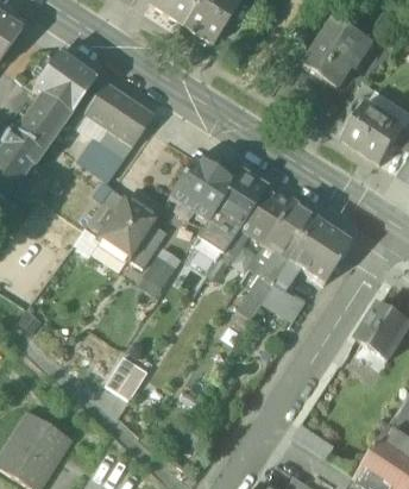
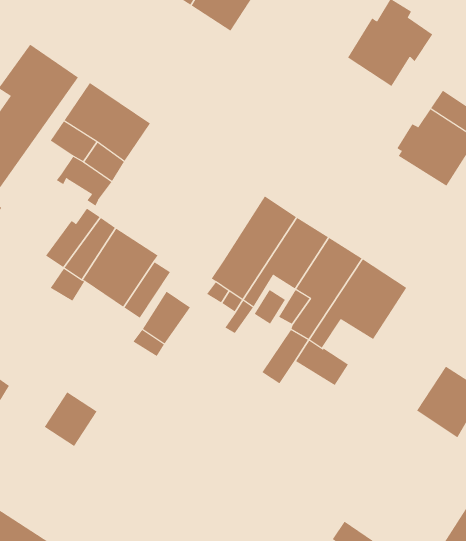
building: [169,156,239,221] -> none
building: [106,356,147,399] -> [44,392,97,447]

